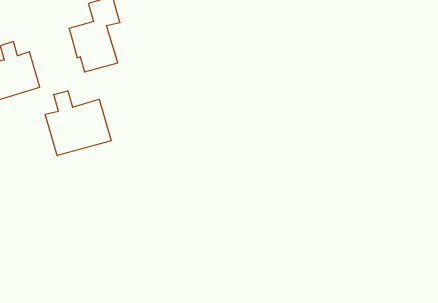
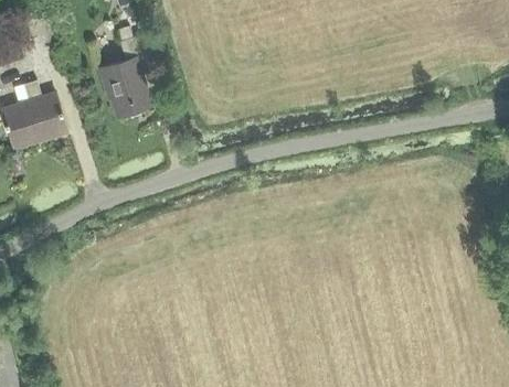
building: [45,91,111,156] -> none

